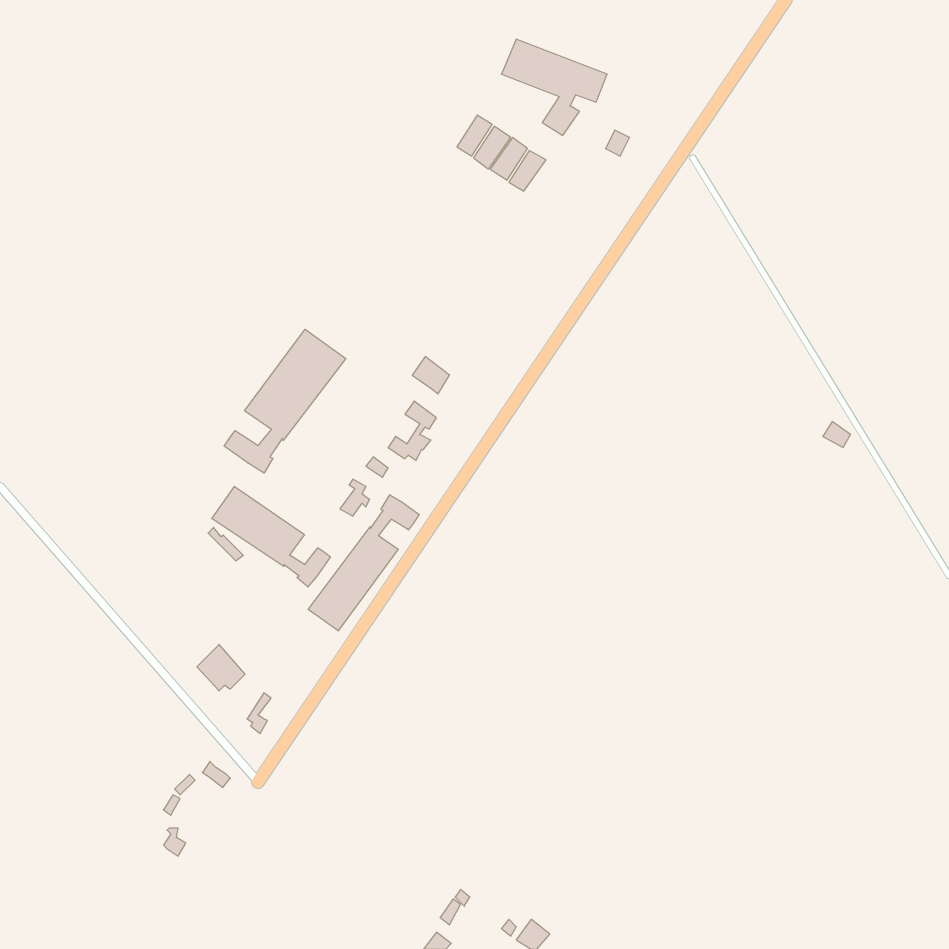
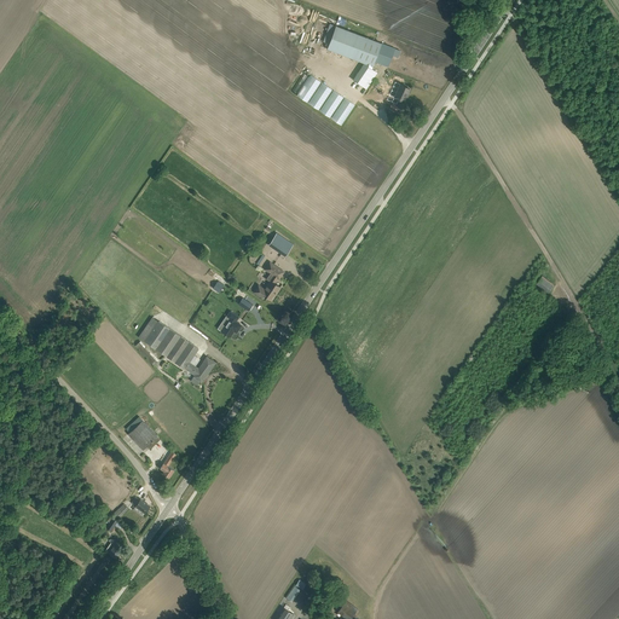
building: [224,329,346,473] -> none
building: [308,495,419,631] -> none

